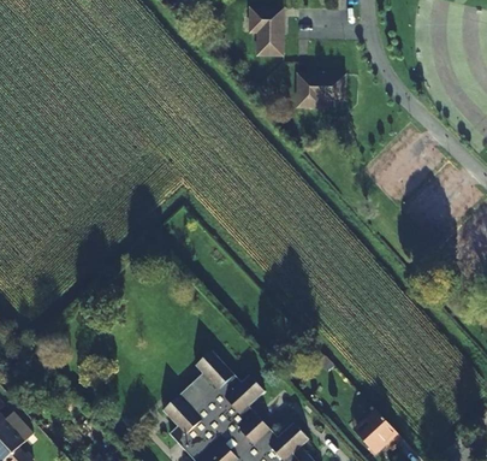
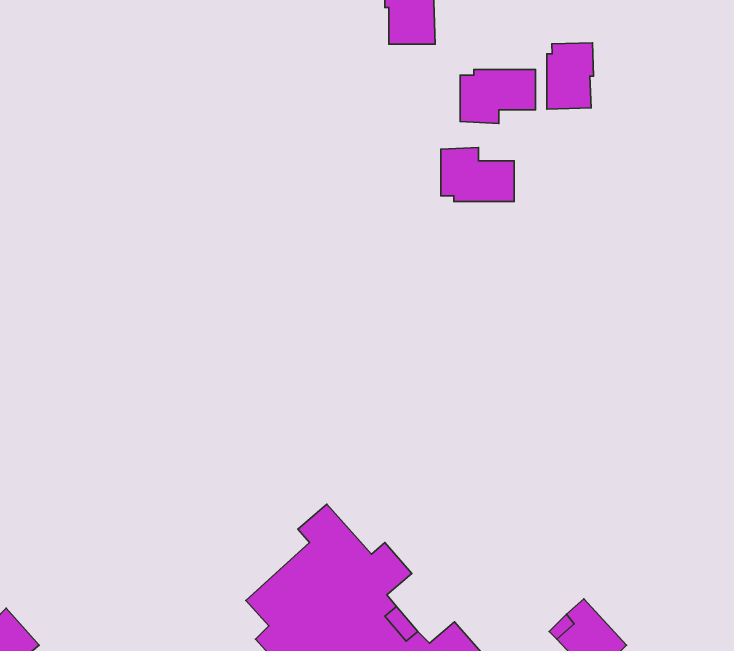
building: none -> [547,43,594,109]
building: none -> [441,147,514,202]

